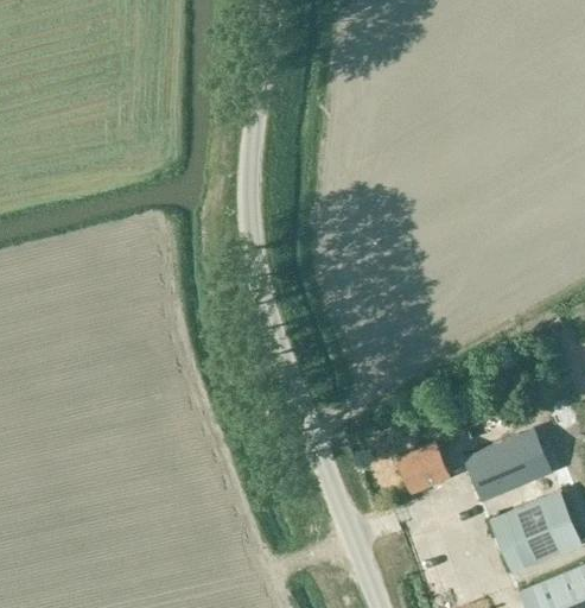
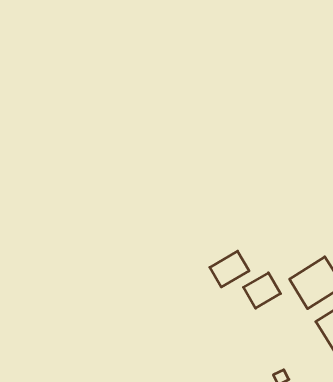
building: none -> [210,251,249,287]

